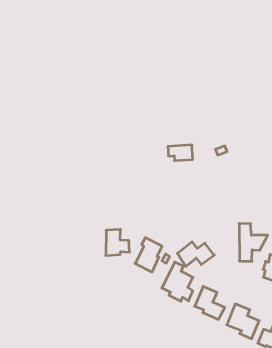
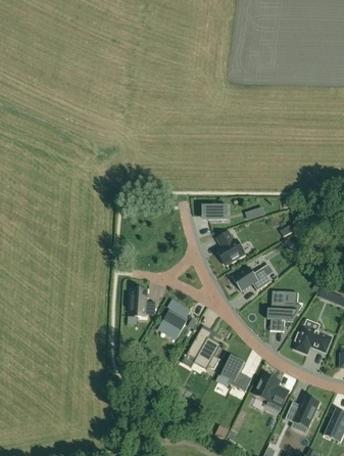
building: none -> [216,231,244,265]
building: [177,242,214,266] -> [232,266,271,291]

